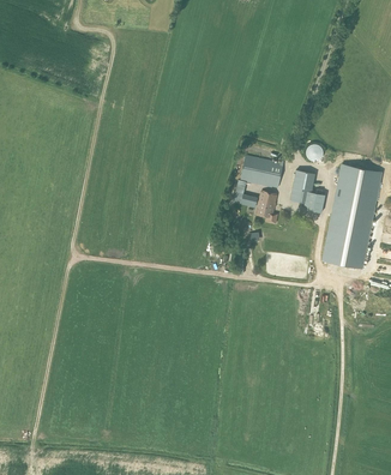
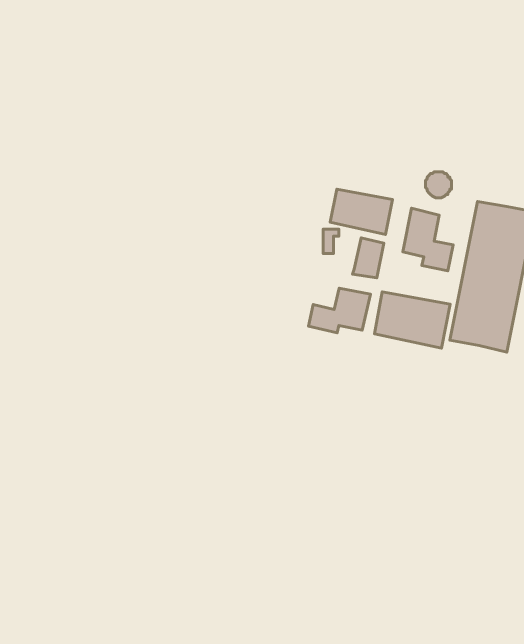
building: none -> [308,288,371,333]
building: none -> [374,292,450,348]

